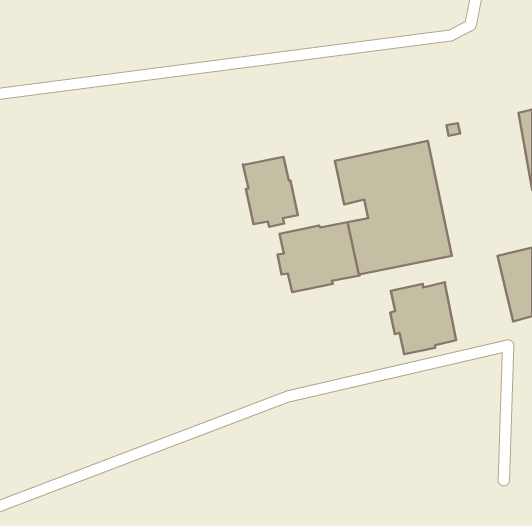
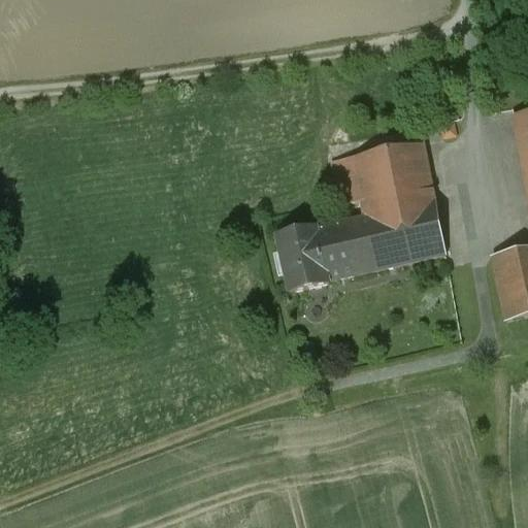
building: [243,157,298,227] -> none
building: [390,282,456,354] -> none

